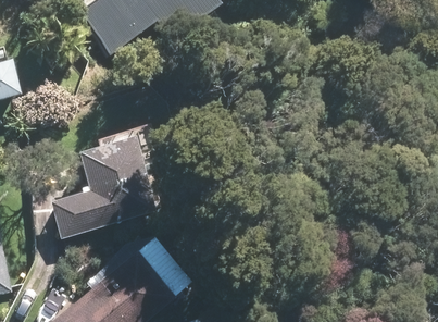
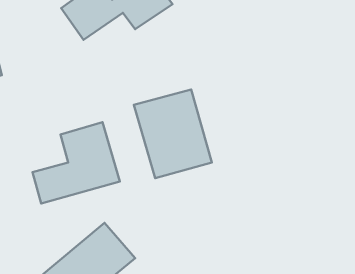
building: none -> [134,90,212,178]

